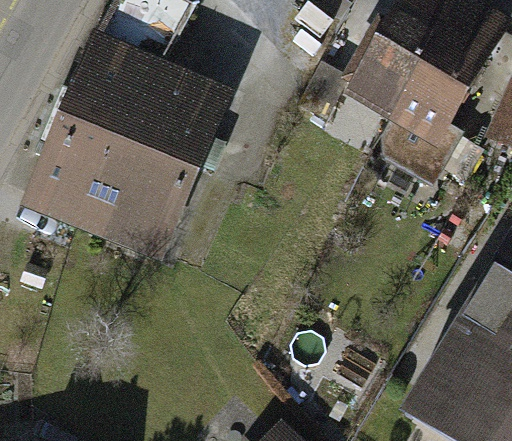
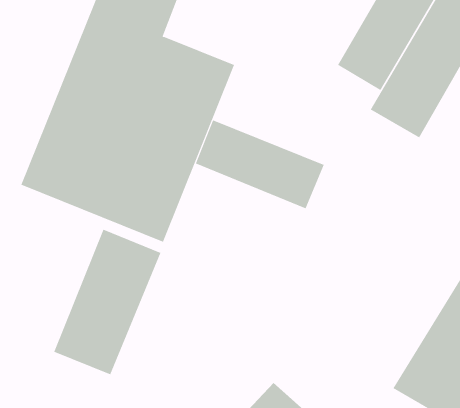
building: none -> [195,120,324,209]
building: none -> [54,229,161,375]

